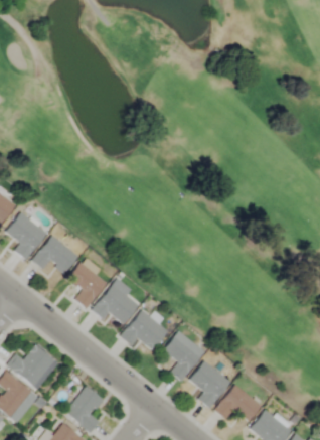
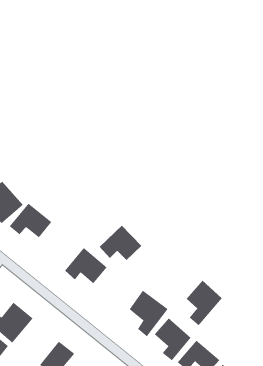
building: [68,263,108,308] -> none
building: [121,310,168,349] -> [99,225,142,261]
building: none -> [186,280,223,326]

